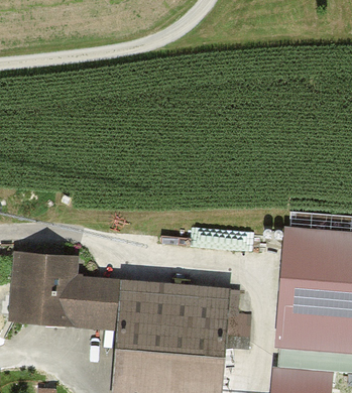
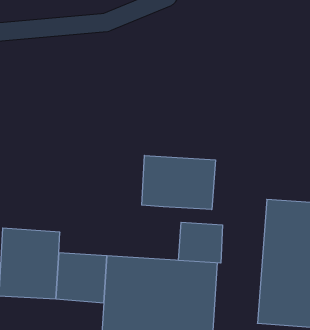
building: none -> [142,155,215,210]
building: none -> [179,222,222,263]

